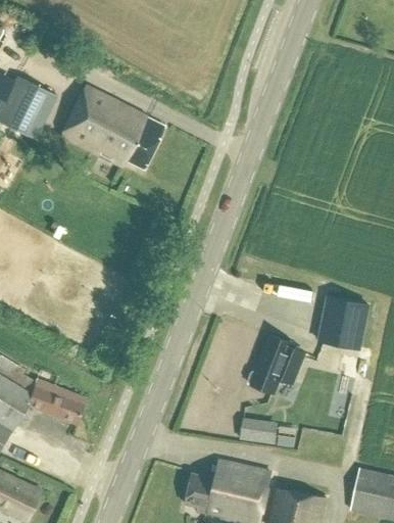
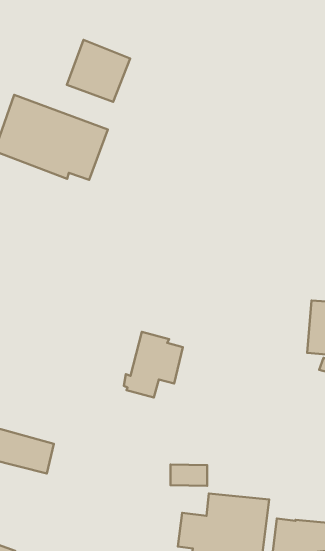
building: none -> [67,40,130,102]
building: [252,334,308,393] -> [124,332,183,397]
building: [242,420,277,442] -> [170,465,207,486]

